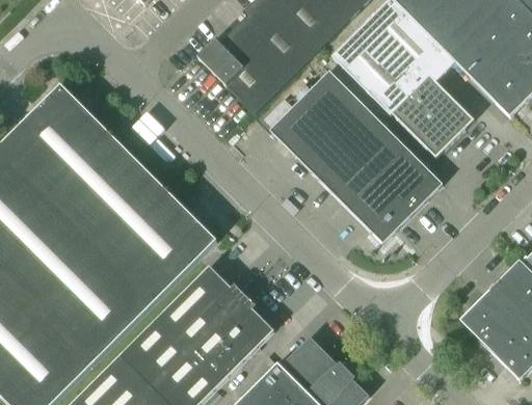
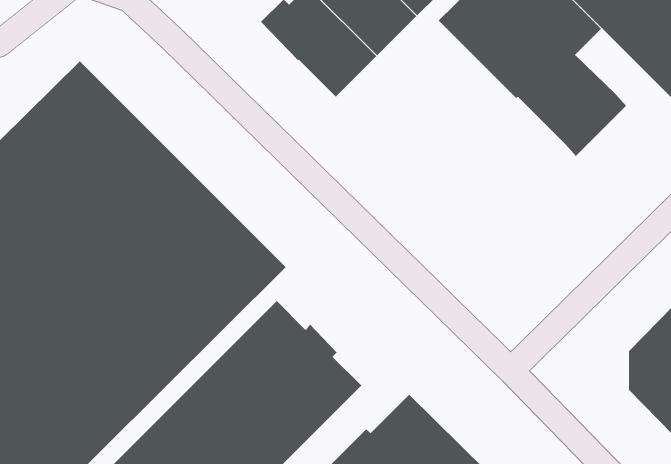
building: [270,71,442,242] -> none

